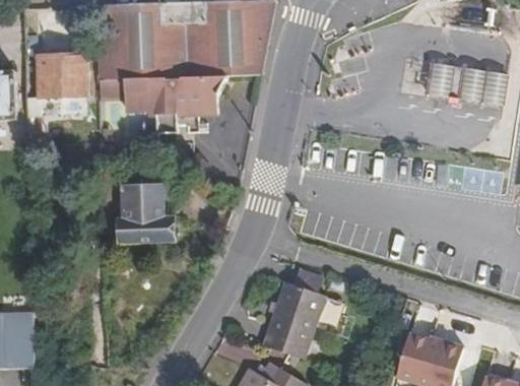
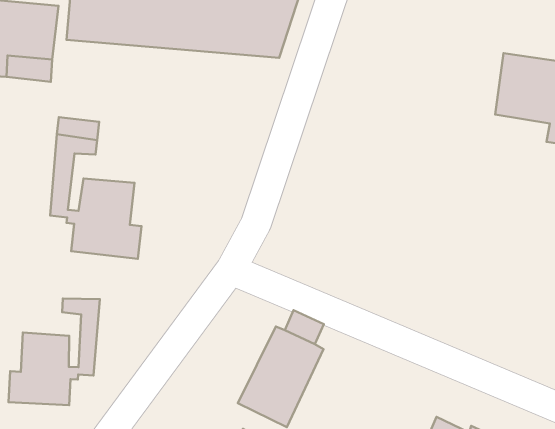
building: [98,76,229,133] -> none
building: none -> [9,299,100,405]

